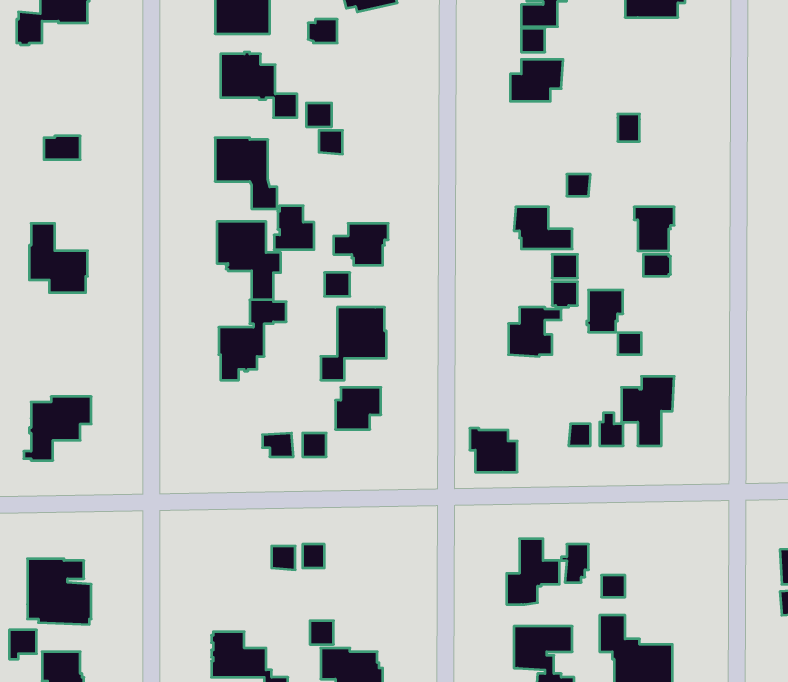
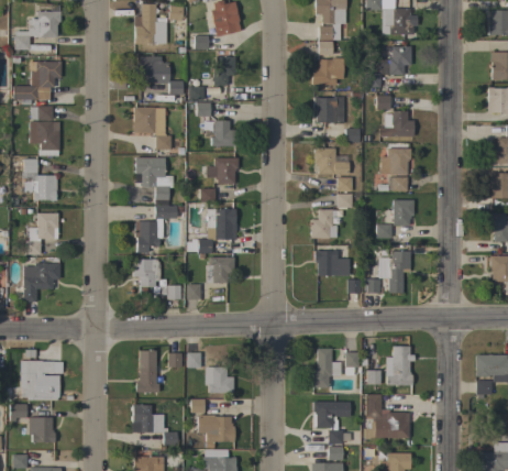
building: none -> [366,46,412,87]
building: none -> [212,56,235,85]
building: none -> [13,62,62,105]
building: none -> [314,97,345,123]
building: none -> [379,111,415,136]
building: none -> [30,122,59,156]
building: [274,206,314,250] -> [212,120,236,146]
building: [587,290,623,332] -> [393,200,415,226]
building: none -> [25,213,58,254]
building: none -> [134,258,162,287]
building: [470,428,517,472] -> [314,250,343,276]
building: none -> [386,347,412,385]
building: none -> [136,351,159,392]
building: none -> [206,366,234,393]

